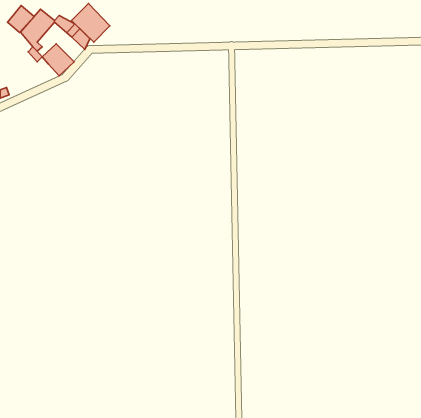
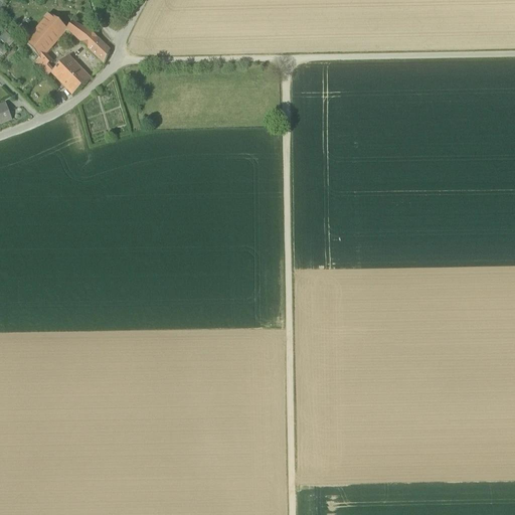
building: [72,4,110,42] -> none
building: [7,6,34,33] -> none

